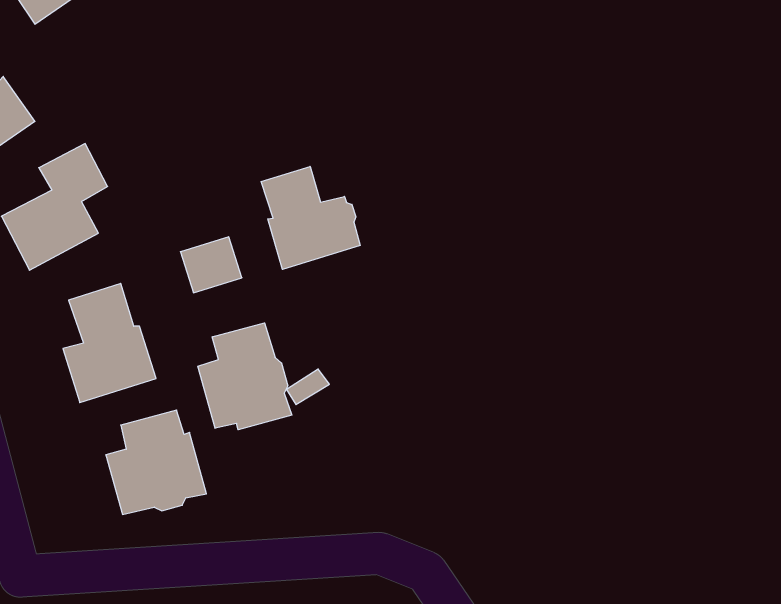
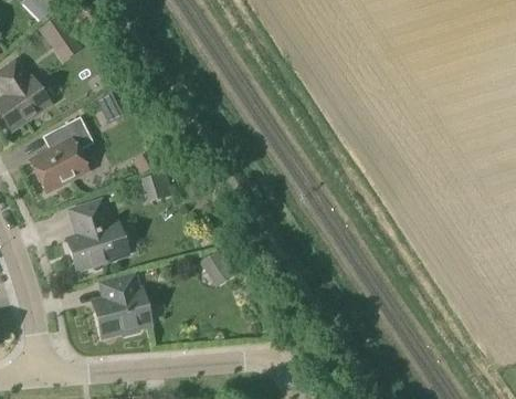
building: [261,166,360,269] -> none
building: [198,323,292,430] -> none

